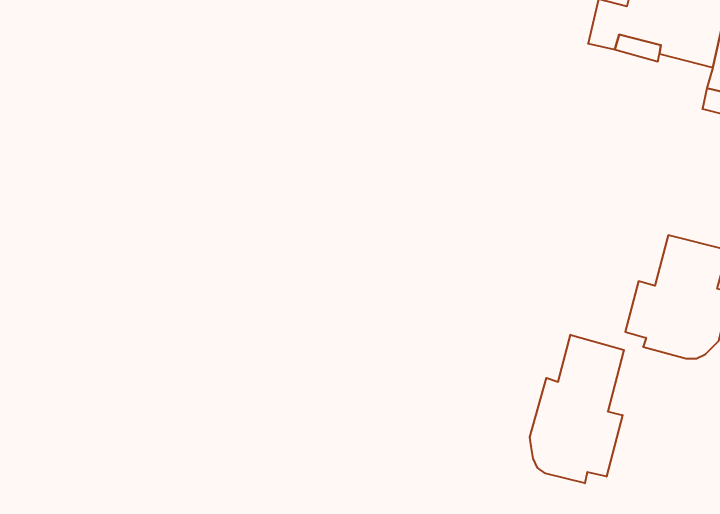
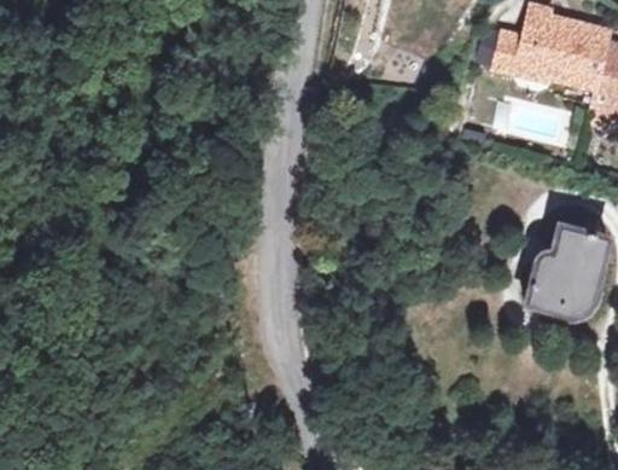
building: [530,335,624,483] -> none

